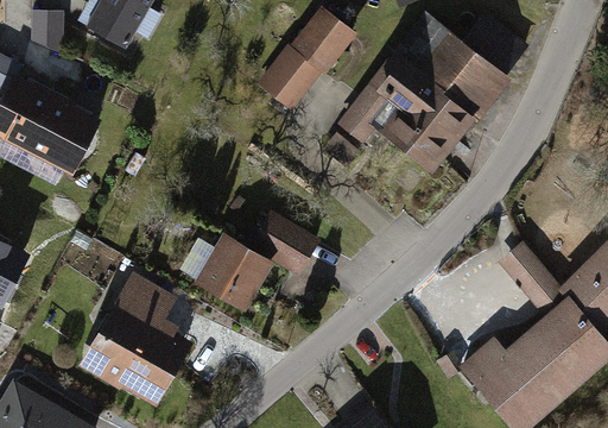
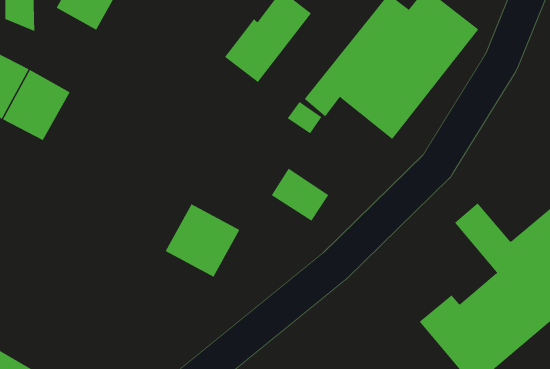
building: [253,215,314,271] -> [271,168,329,221]
building: [87,277,184,403] -> none

